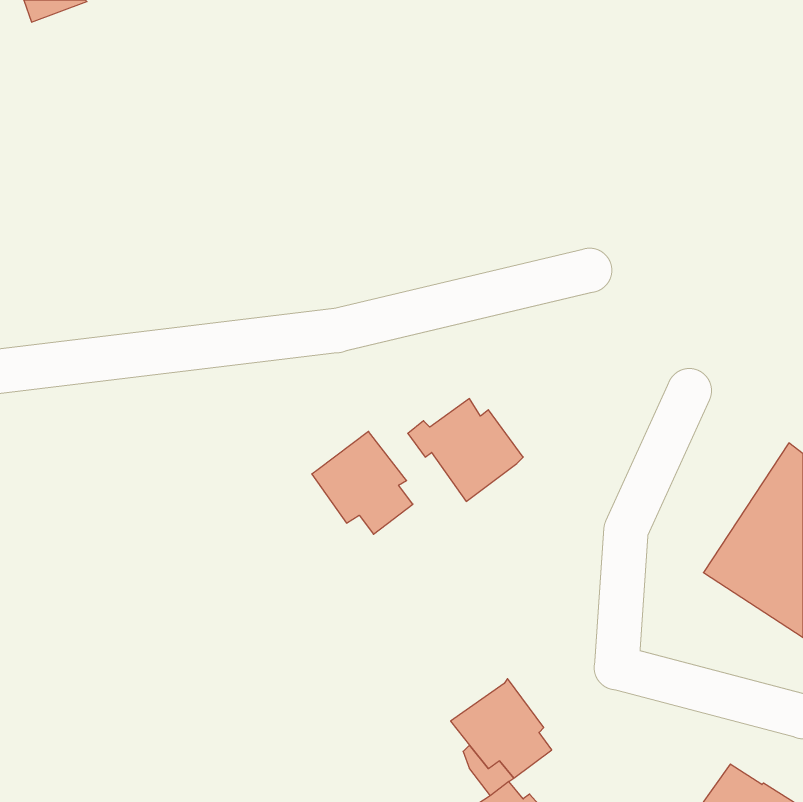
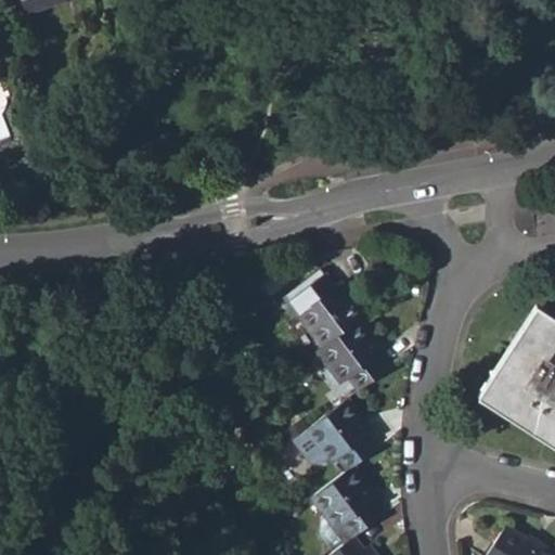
building: [312,431,413,534] -> [315,322,385,392]
building: none -> [304,402,372,473]

